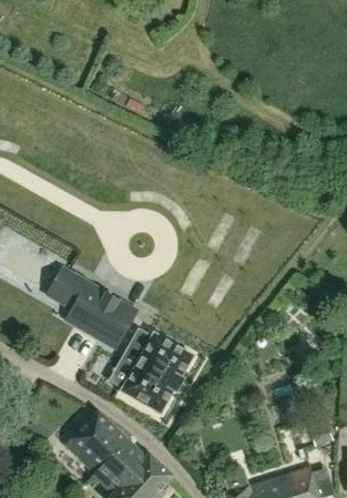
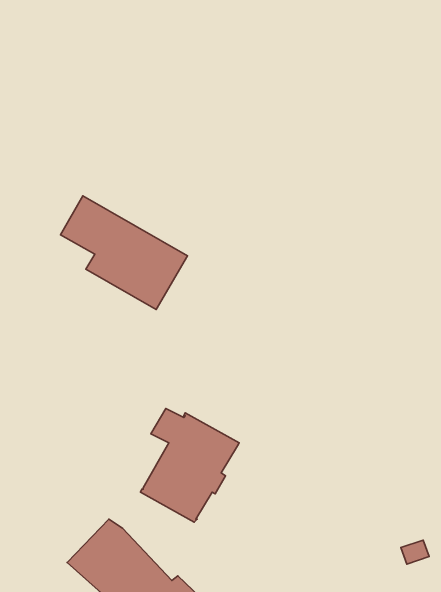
building: [44,266,139,350] -> [60,196,188,310]

